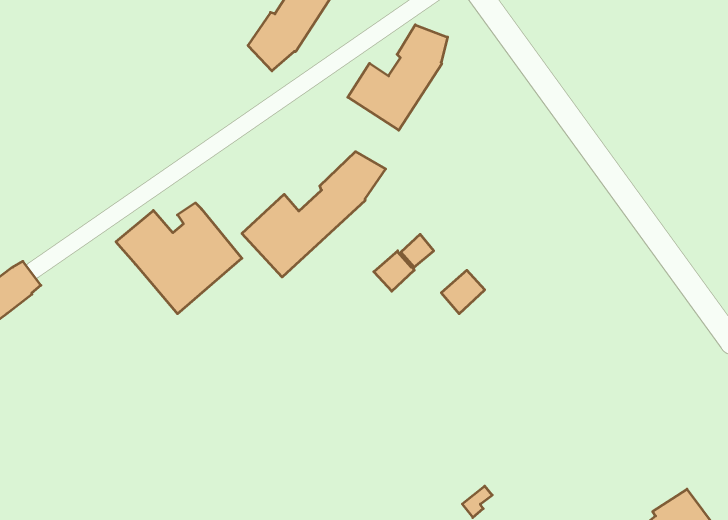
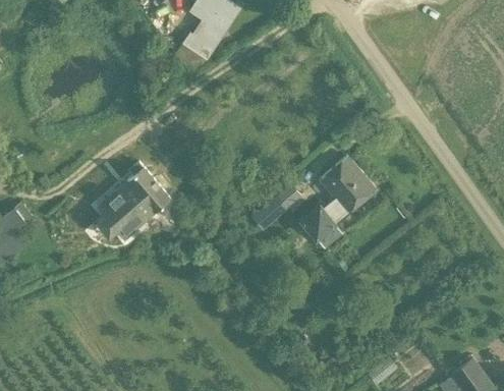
building: [348,25,448,130] -> none
building: [242,152,386,277] -> none
building: none -> [319,156,376,221]

